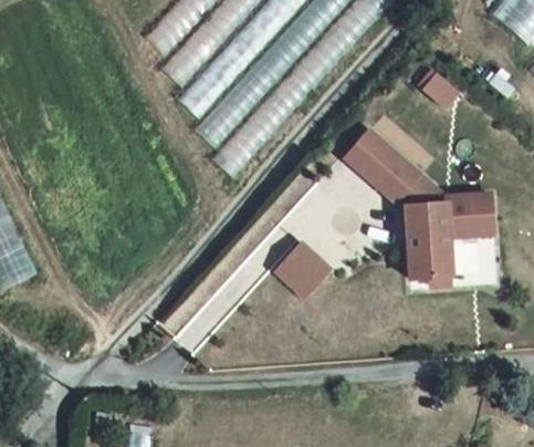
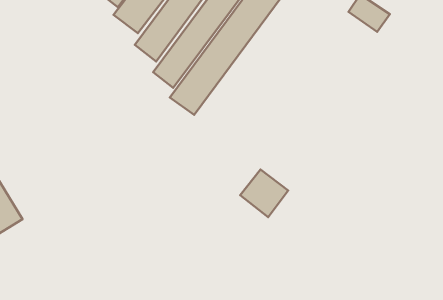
building: [348,127,493,277] -> none

